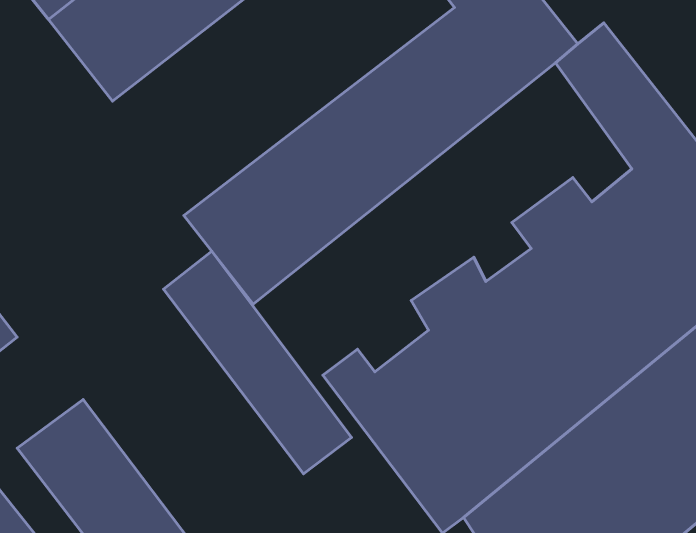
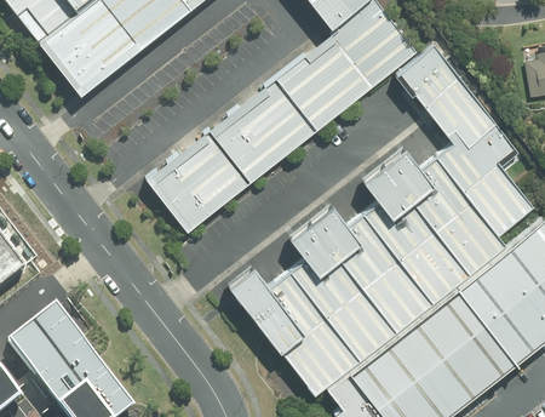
building: [163,251,352,474] -> none

